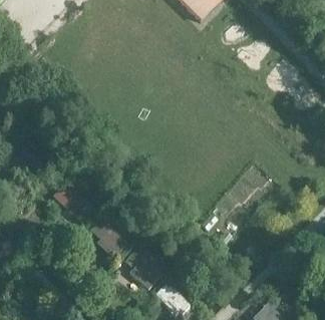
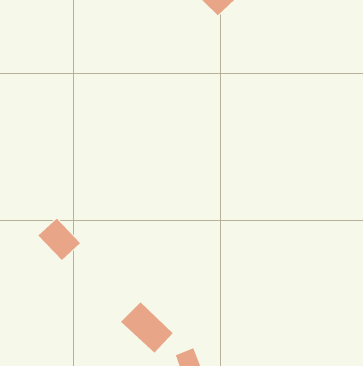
building: [93,221,127,255] -> none

